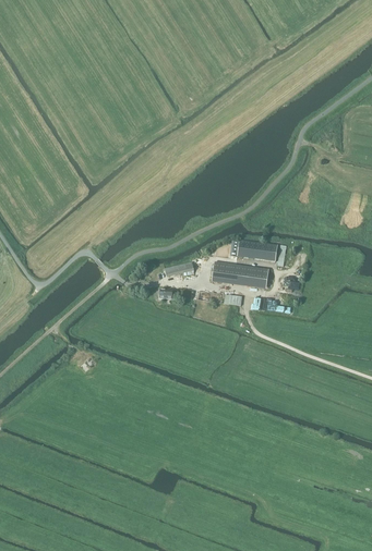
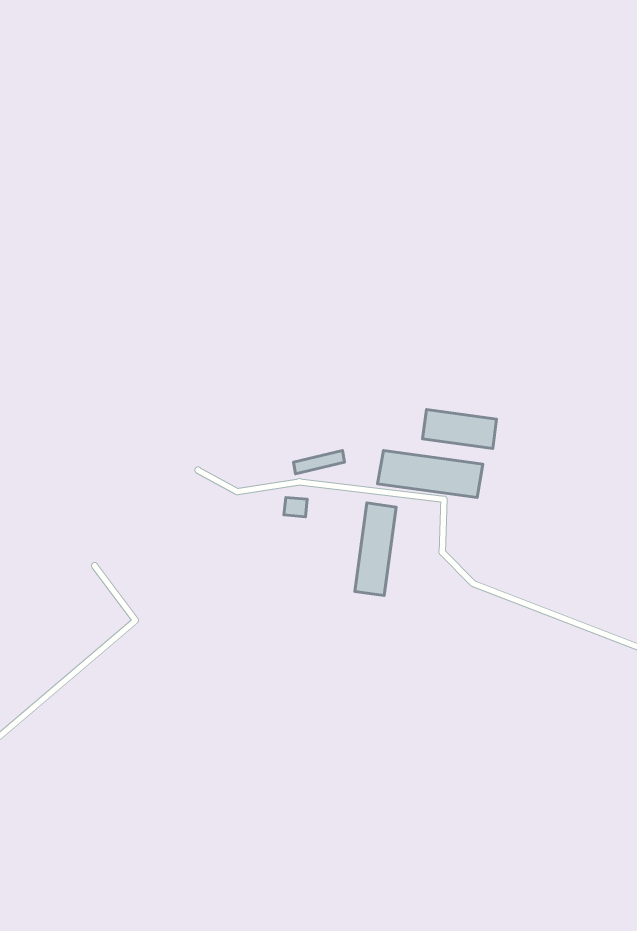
building: none -> [355,503,396,596]

